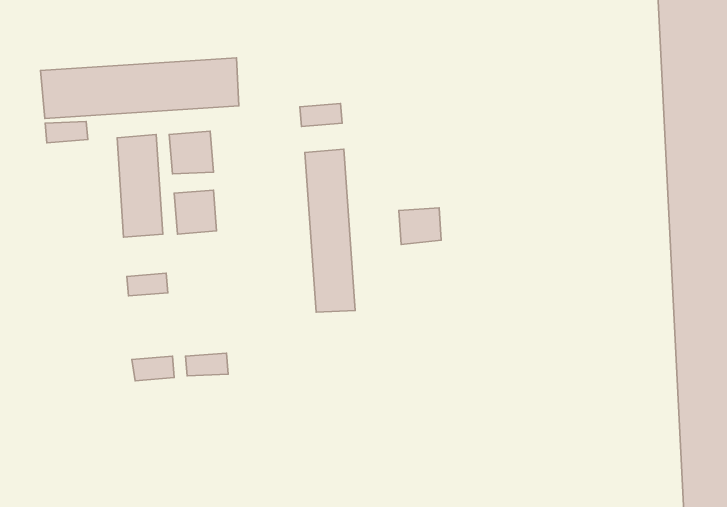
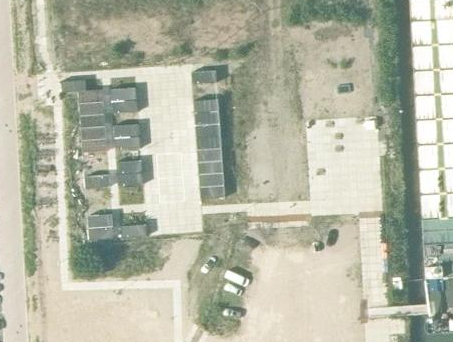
building: [40,58,239,119] -> none
building: [399,208,441,244] -> none
building: none -> [117,159,143,185]

